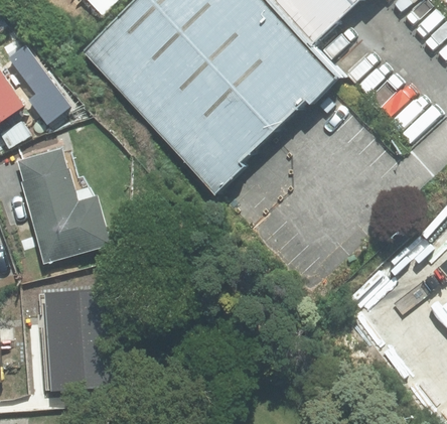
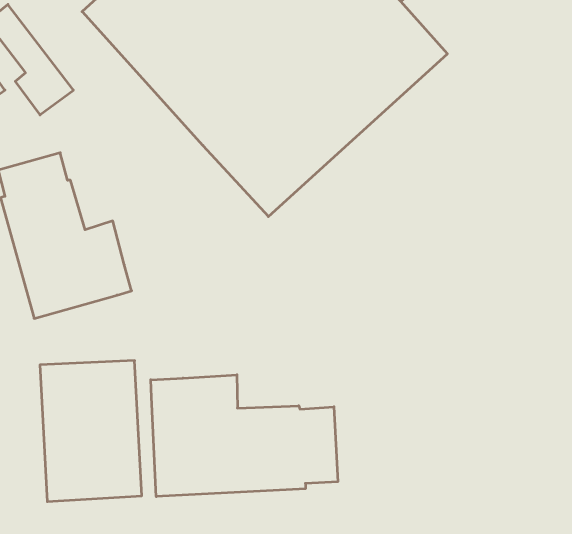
building: none -> [151,375,338,497]

